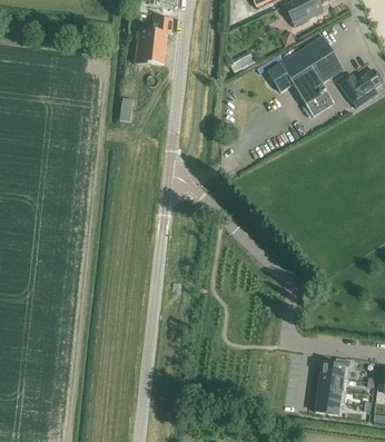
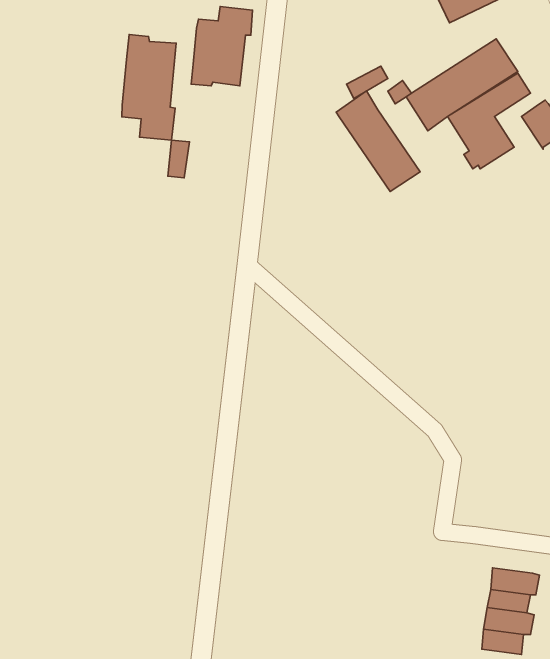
building: none -> [122,34,176,140]
building: none -> [336,91,420,192]

